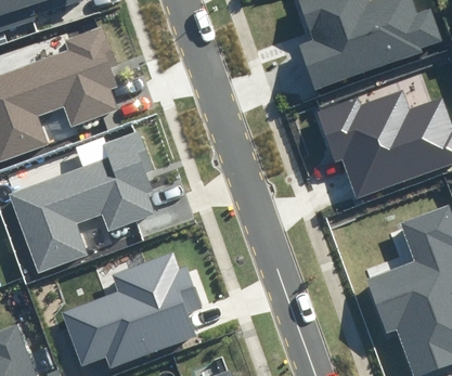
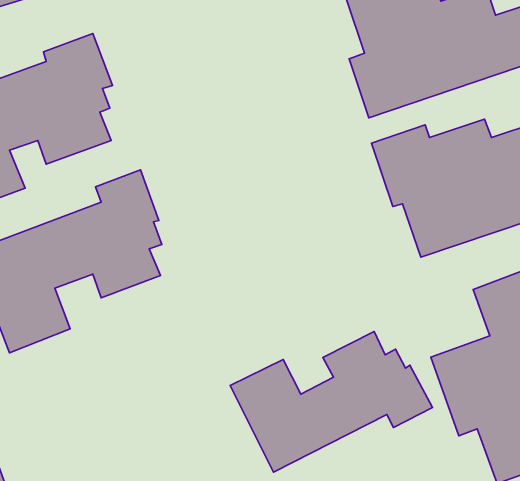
building: [61,249,205,367] -> none
building: none -> [230,332,432,472]

